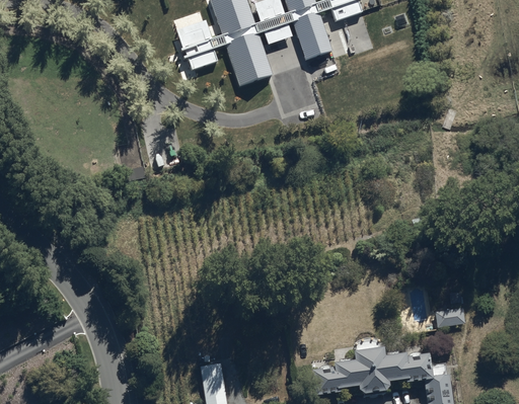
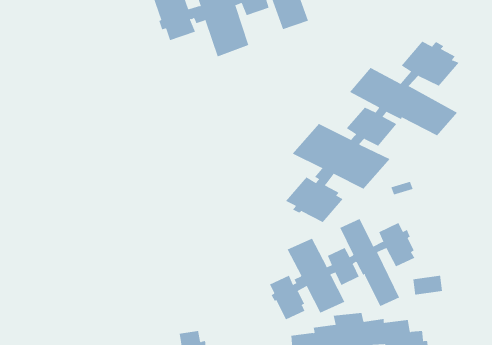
building: none -> [285,41,460,223]
building: none -> [269,218,415,320]

